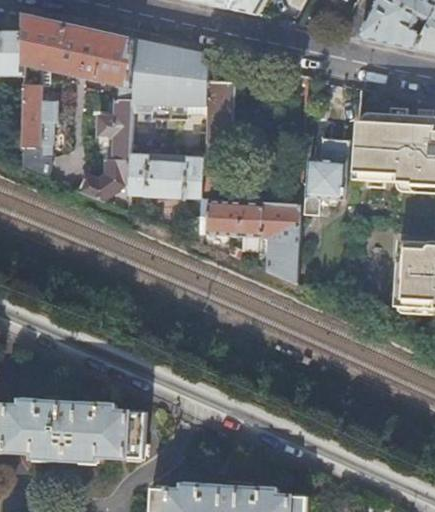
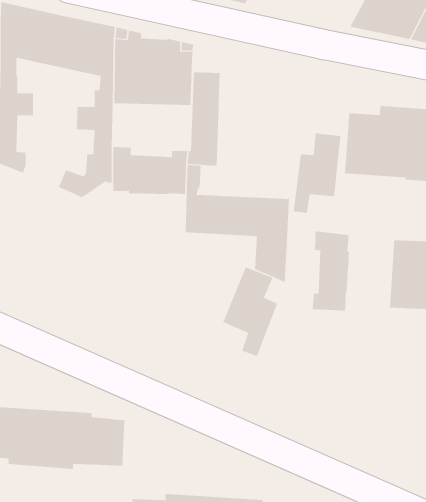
building: none -> [312,231,349,312]
building: none -> [223,267,278,357]

